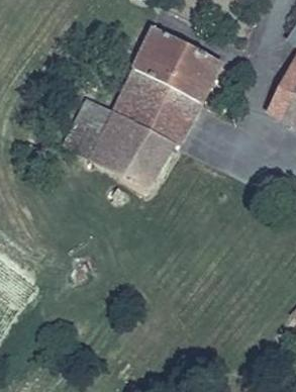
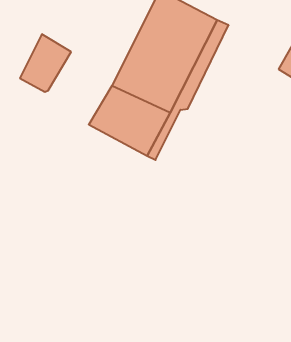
building: [61,101,110,157] -> [20,34,71,92]

